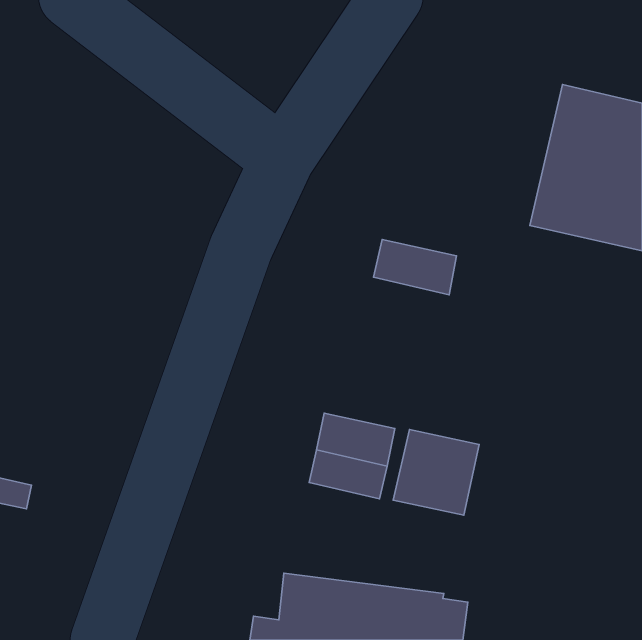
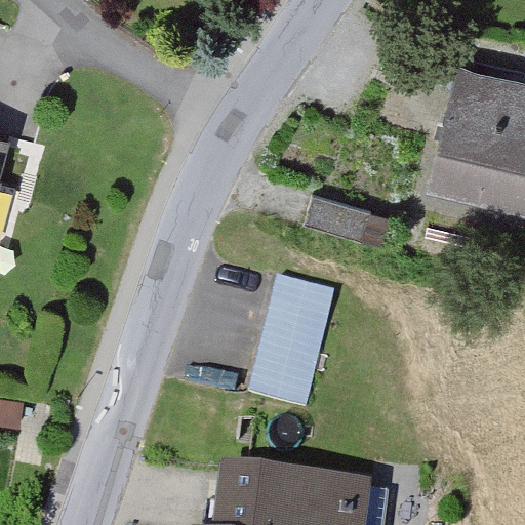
building: [393,430,479,515] -> [264,279,333,349]

